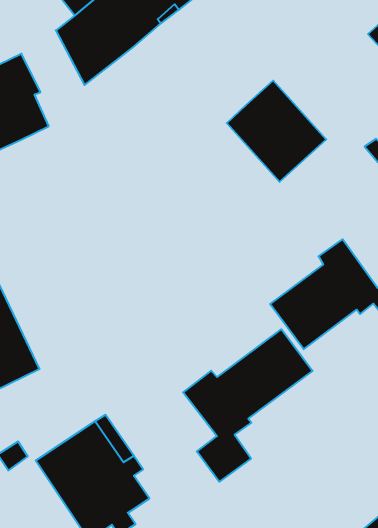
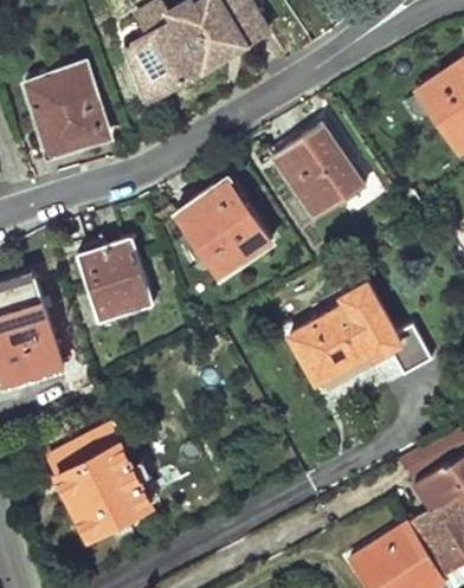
building: none -> [174,177,272,279]
building: none -> [79,238,153,322]
building: [183,329,313,482] -> none

